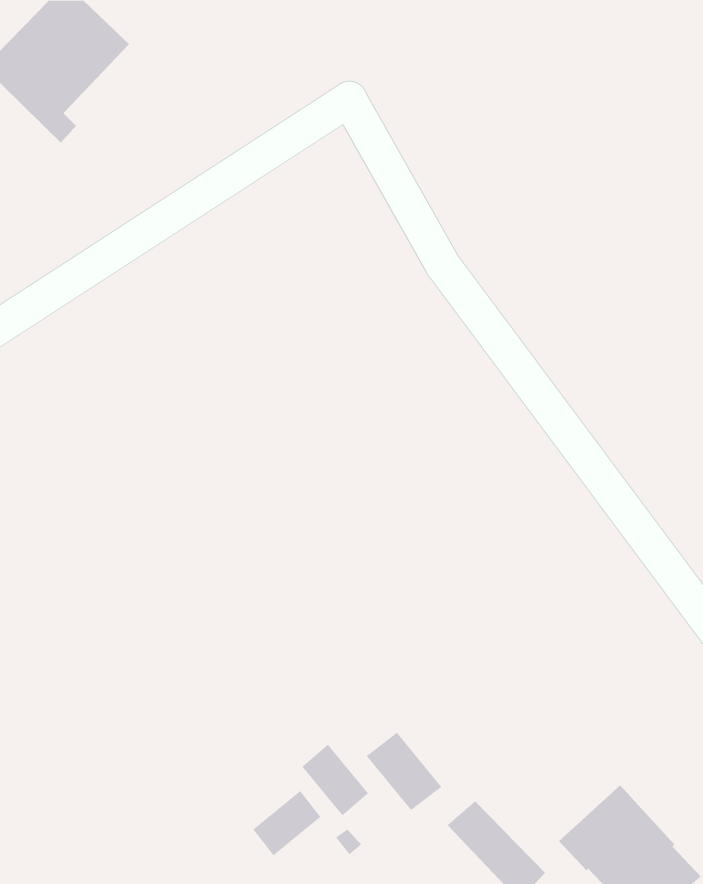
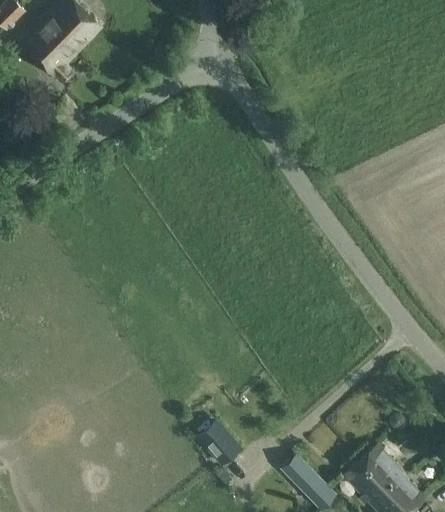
building: [366,732,442,811] -> none
building: [253,790,321,856] -> none

